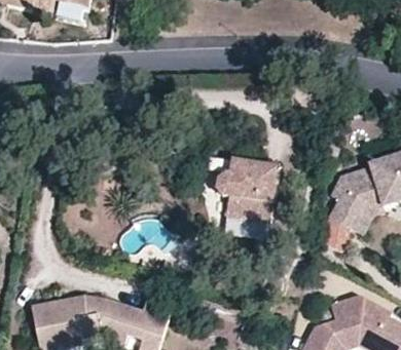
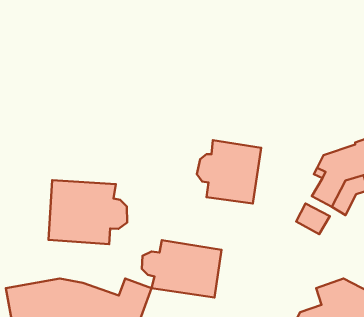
building: none -> [49,180,127,244]
building: none -> [142,240,222,297]

